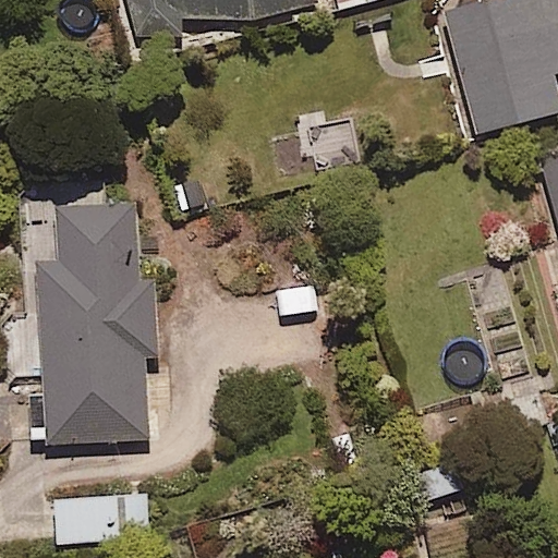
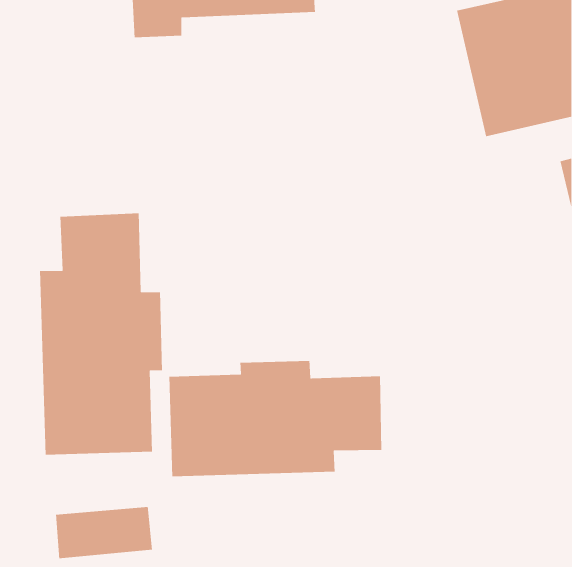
building: none -> [168,360,382,477]

